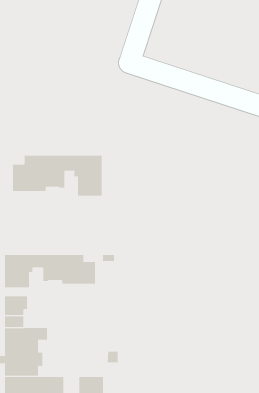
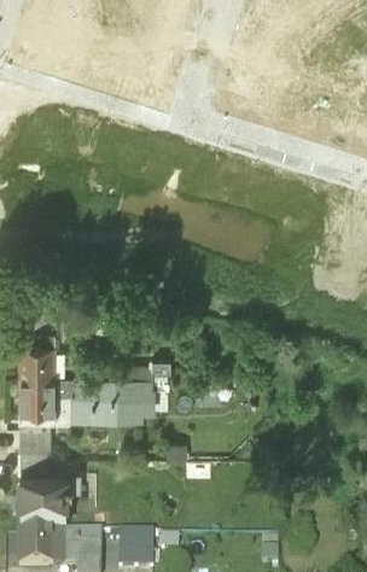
building: [13,155,102,196] -> none
building: none -> [19,343,53,374]

